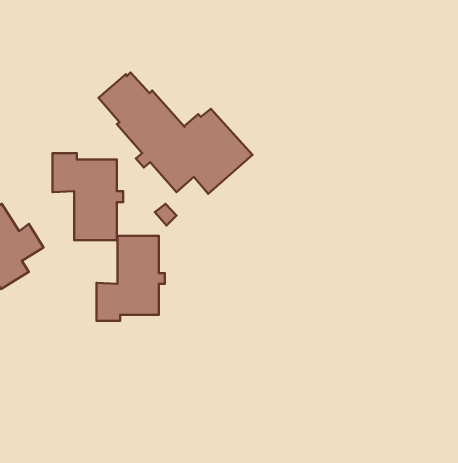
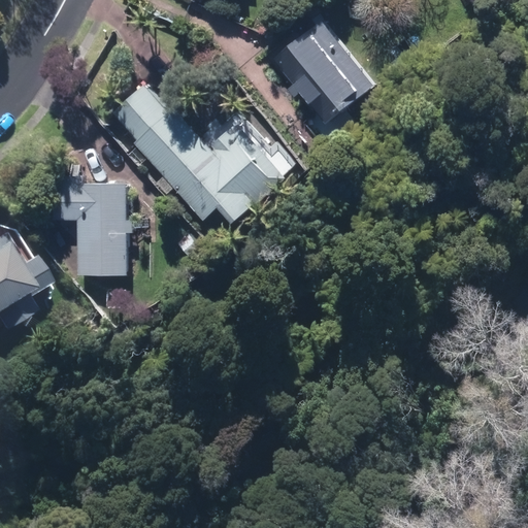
building: none -> [266,23,367,126]
building: [96,236,165,321] -> none

